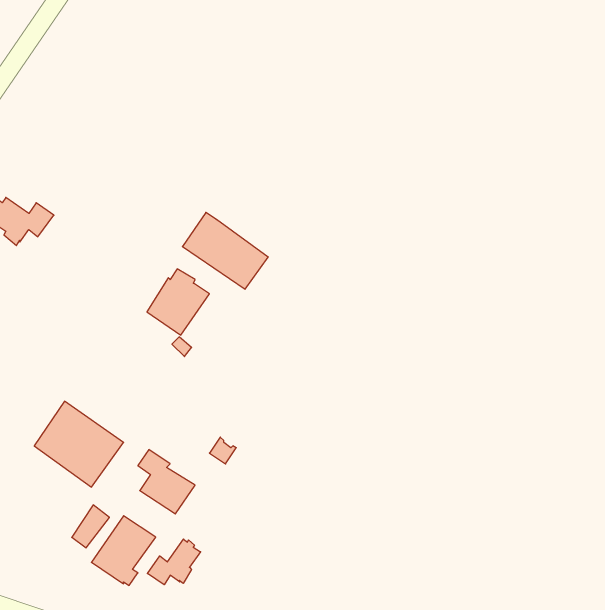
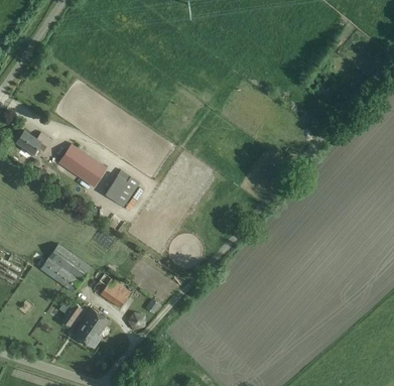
building: [182,212,268,289] -> [57,144,106,187]
building: [147,539,201,585] -> none

